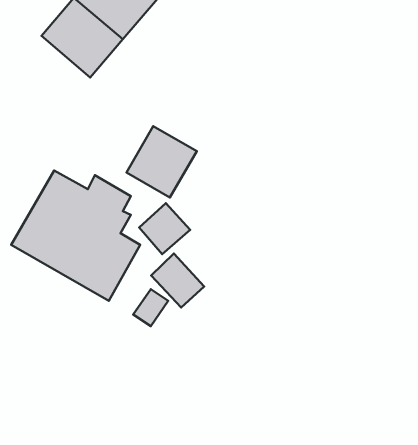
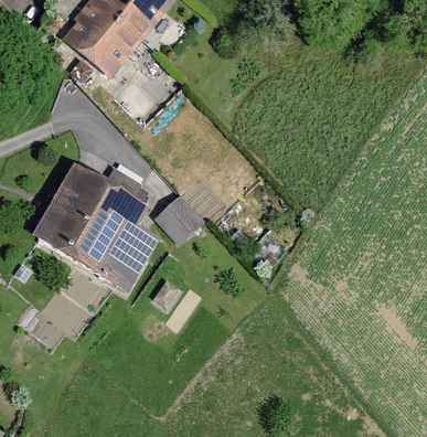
building: [127,126,197,197] -> none
building: [151,253,204,307] -> none

